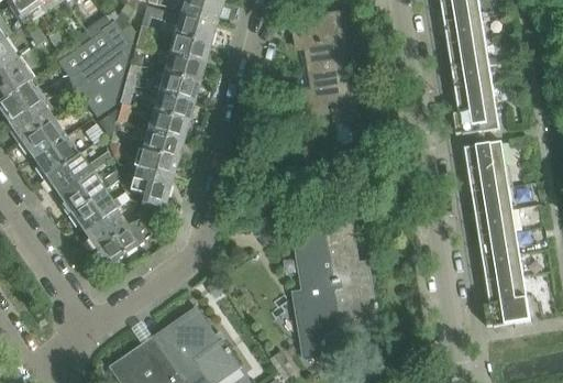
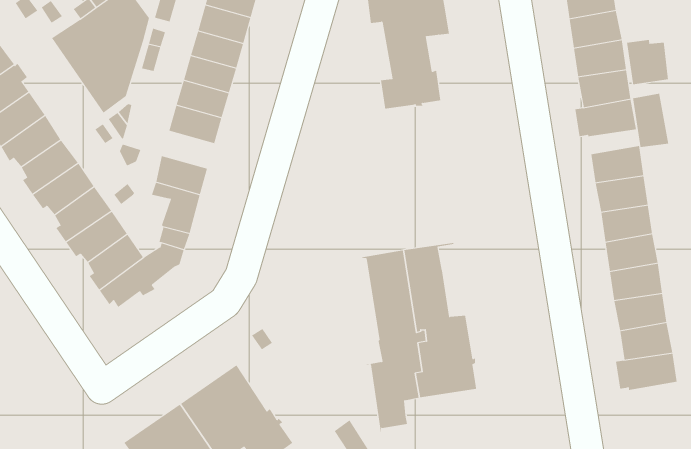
building: none -> [627,39,669,85]
building: none -> [633,93,669,148]
building: [140,129,180,157] -> none

